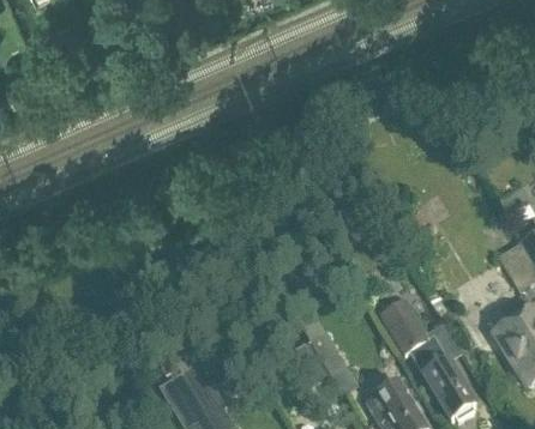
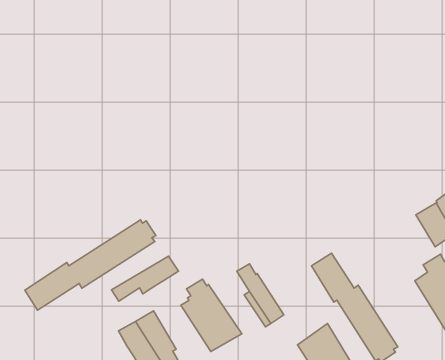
building: none -> [25,220,156,310]
building: none -> [112,256,178,301]
building: none -> [181,279,242,352]

